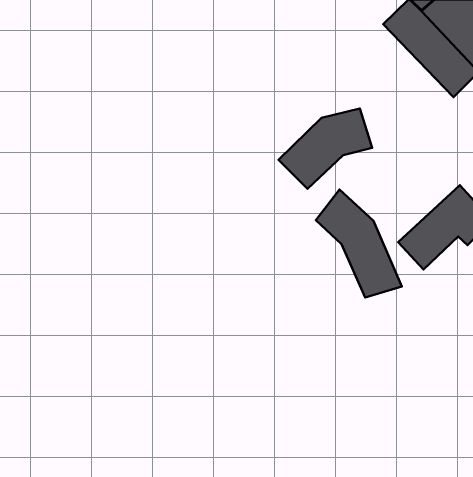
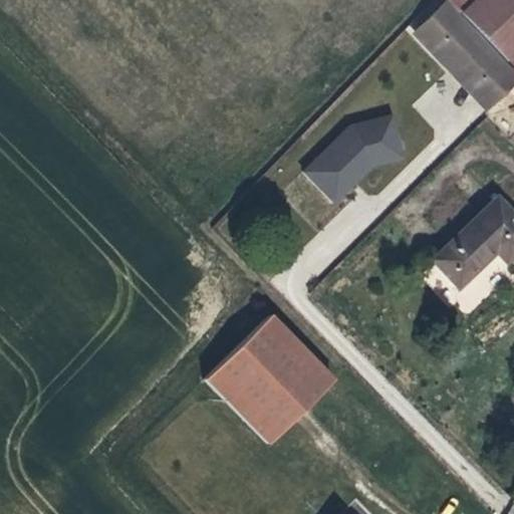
building: [316,190,402,298] -> none
building: none -> [205,313,335,444]

